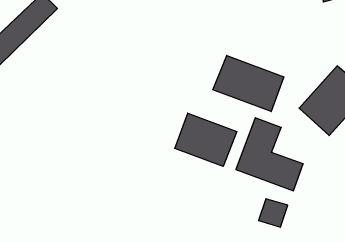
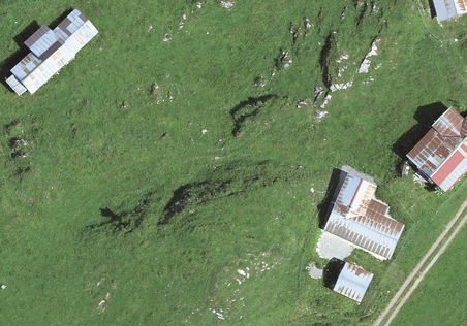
building: [213,55,284,112] -> none
building: [175,113,237,166] -> none

